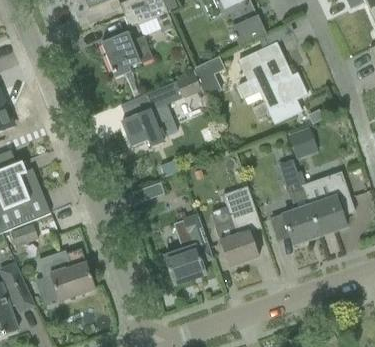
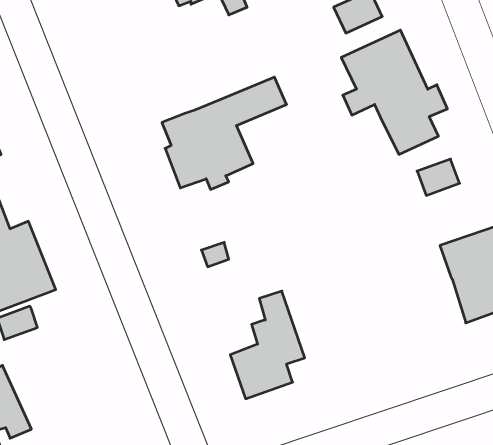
building: [100,31,154,77] -> none
building: [192,56,224,96] -> none
building: [271,169,319,244] -> none
building: [216,185,263,266] -> none
building: [39,248,95,300] -> none

